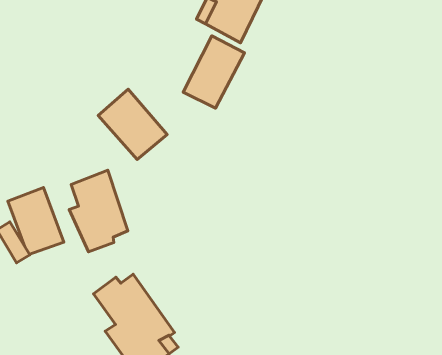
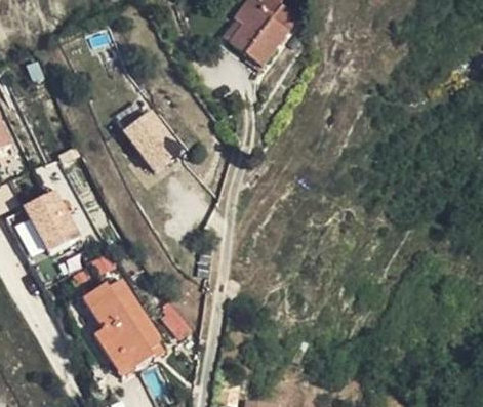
building: [183,36,244,108] -> none
building: [69,170,128,252] -> none

